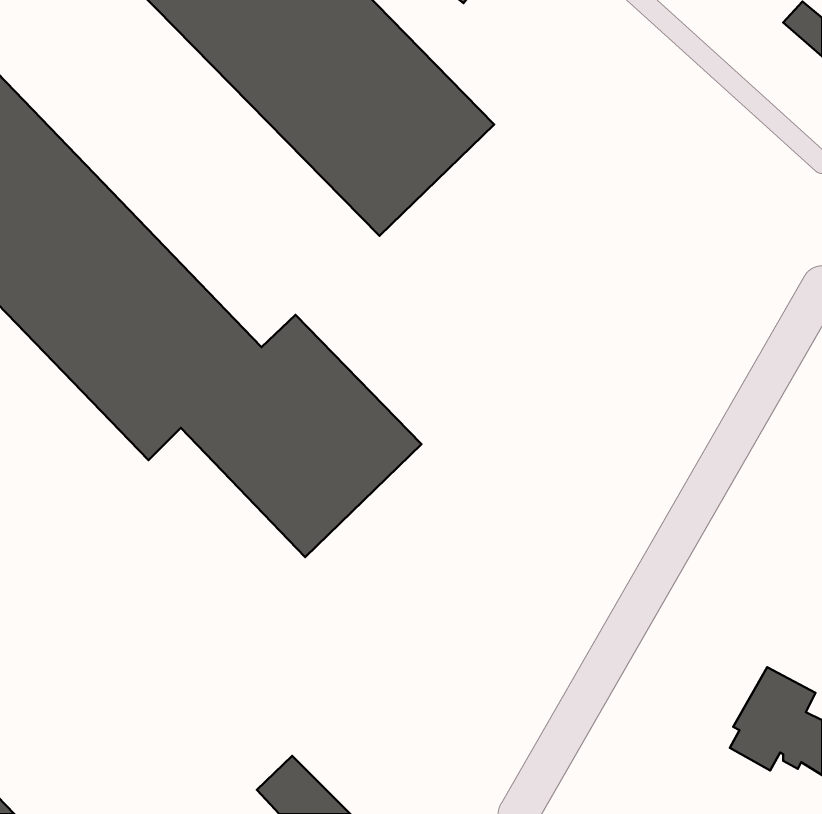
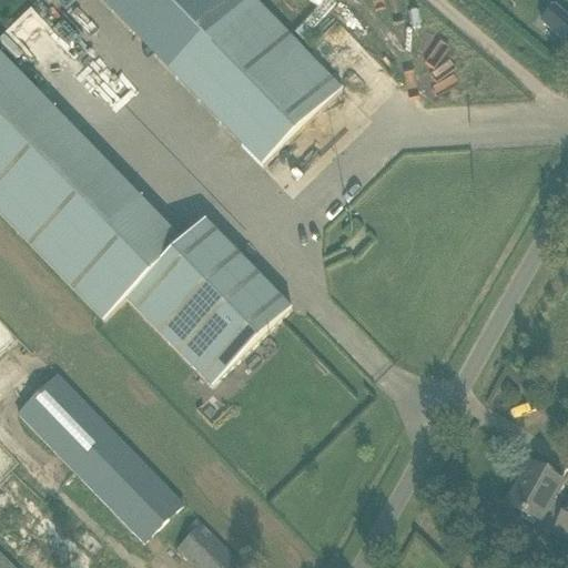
building: none -> [16,369,184,540]

